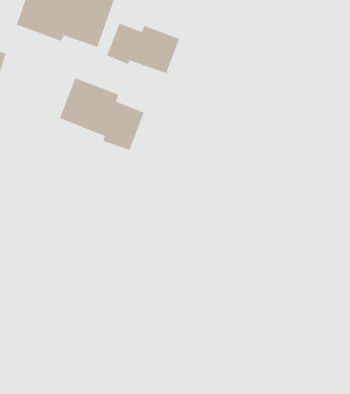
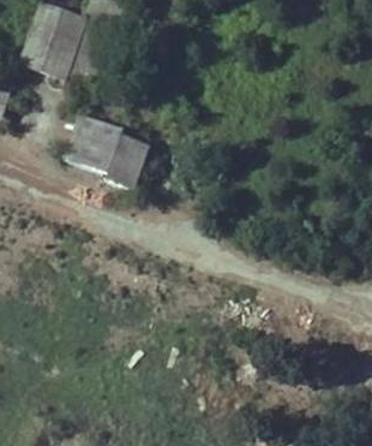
building: [107,23,180,74] -> none

